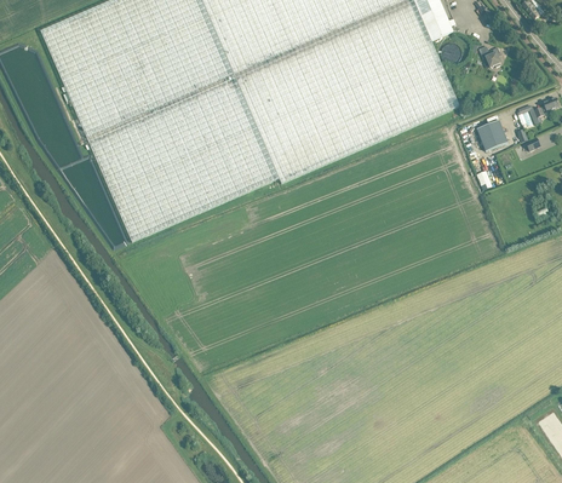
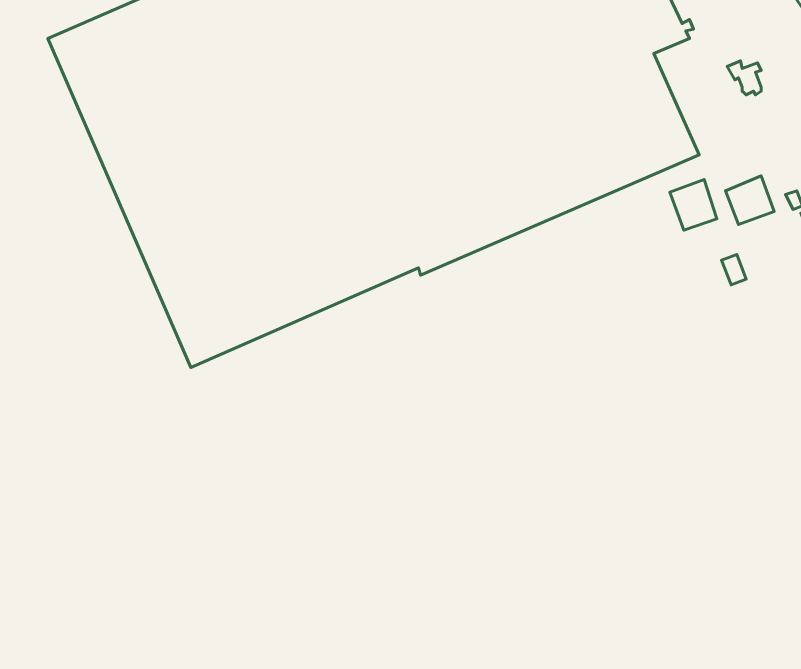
building: none -> [670,179,717,230]

